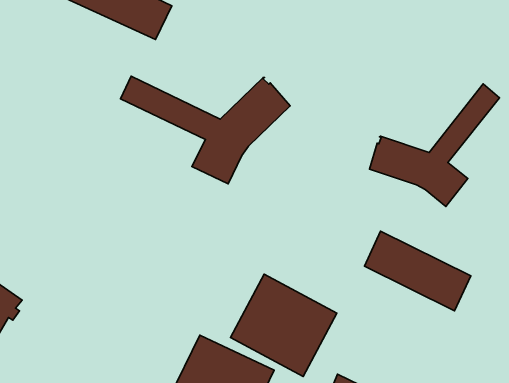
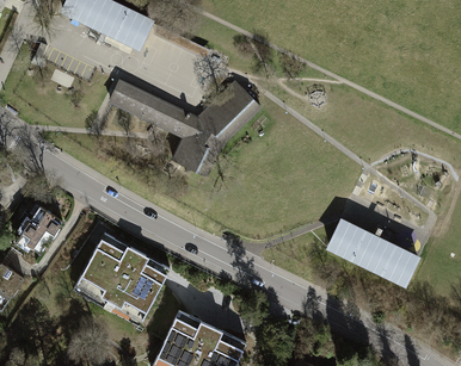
building: [370,84,500,207] -> none
building: none -> [17,205,61,252]
building: [231,274,337,377] -> [74,231,168,322]

